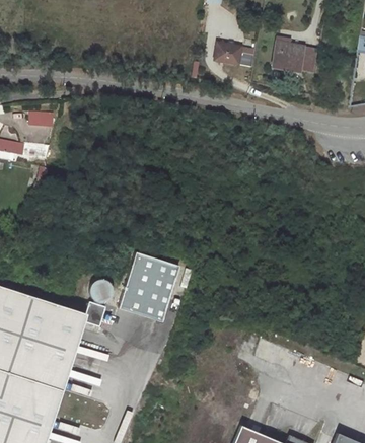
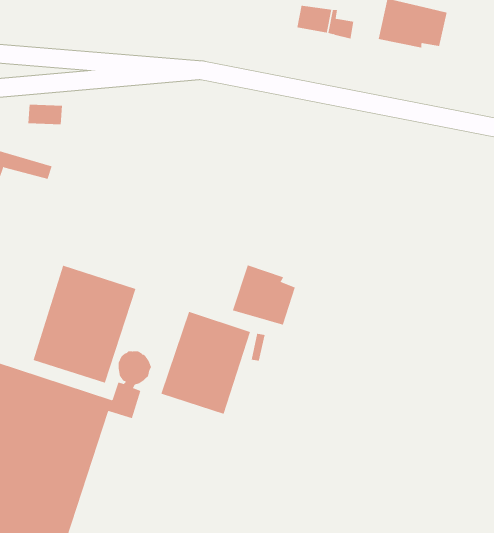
building: none -> [232,264,296,325]
building: none -> [33,265,136,383]

